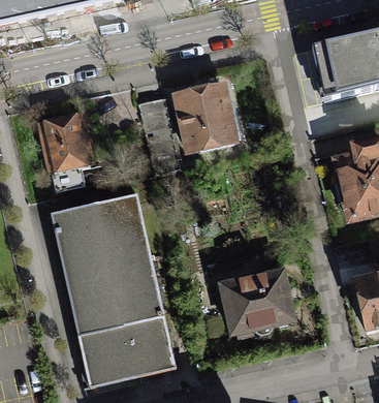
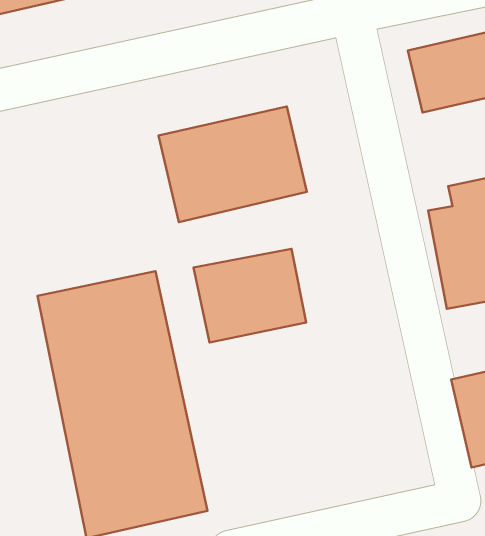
building: [37,109,93,172] -> none
building: [219,267,299,334] -> [194,249,306,343]

